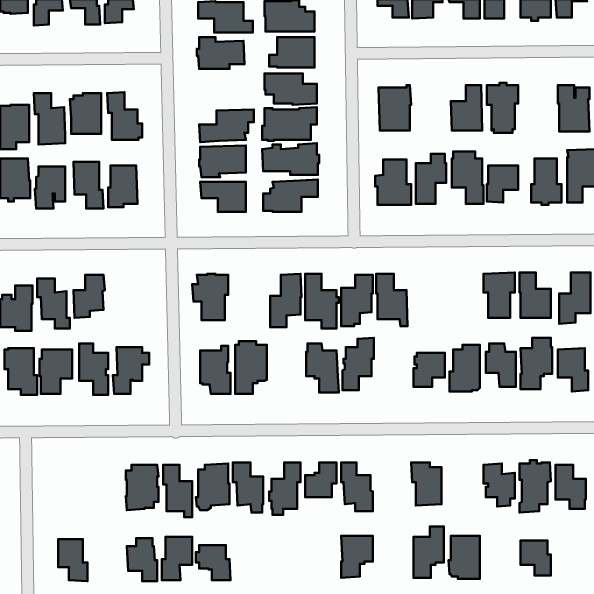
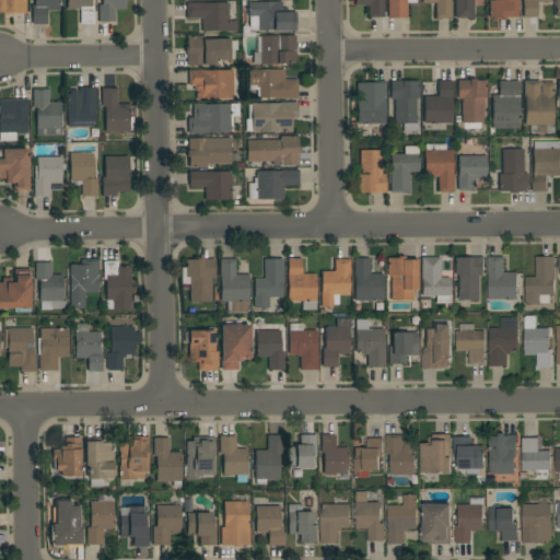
building: none -> [189,69,234,100]
building: none -> [392,80,420,130]
building: none -> [493,81,520,124]
building: none -> [388,255,418,300]
building: none -> [422,256,452,302]
building: none -> [221,258,250,312]
building: none -> [104,260,132,308]
building: none -> [357,318,386,366]
building: none -> [257,329,285,370]
building: none -> [421,433,452,471]
building: none -> [52,436,81,476]
building: none -> [353,438,384,470]
building: none -> [85,441,117,479]
building: none -> [88,493,115,544]
building: none -> [355,493,385,540]
building: none -> [456,497,486,542]
building: none -> [222,501,249,545]
building: none -> [289,503,318,542]
building: none -> [523,503,553,542]
building: none -> [256,505,283,545]

